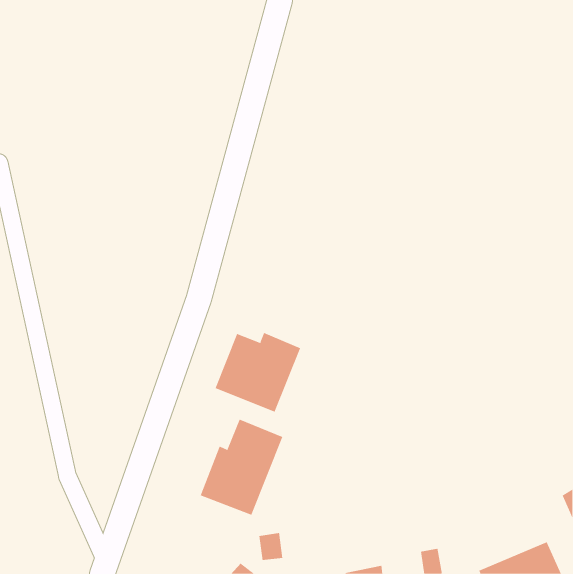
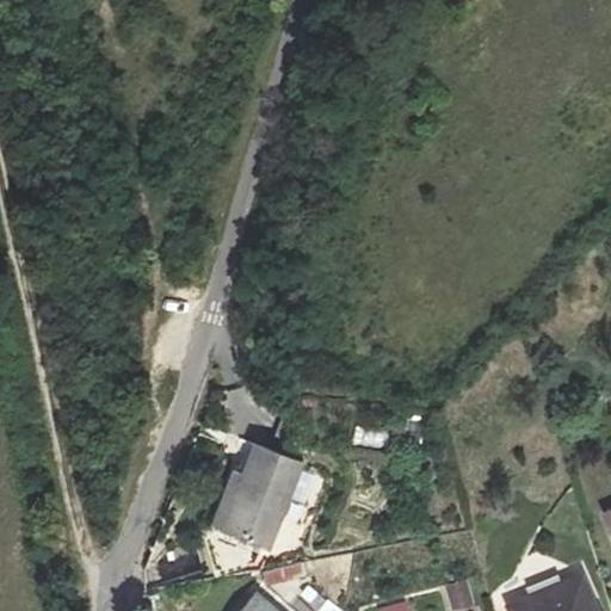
building: [215,332,301,412] -> none

